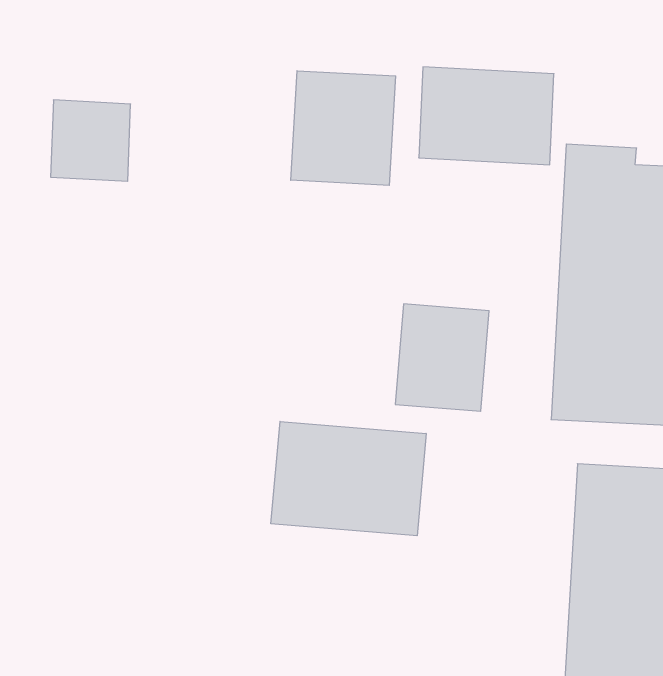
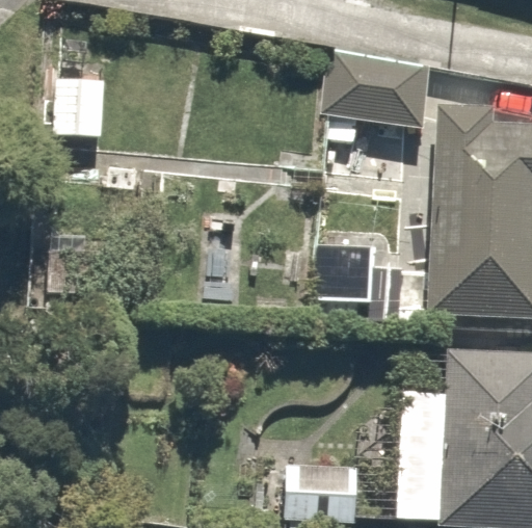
building: [291,71,396,185] -> none
building: [271,421,426,536] -> none

